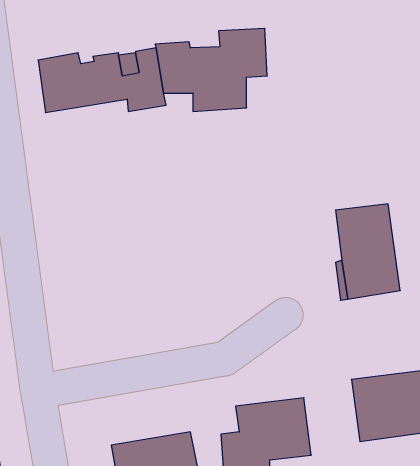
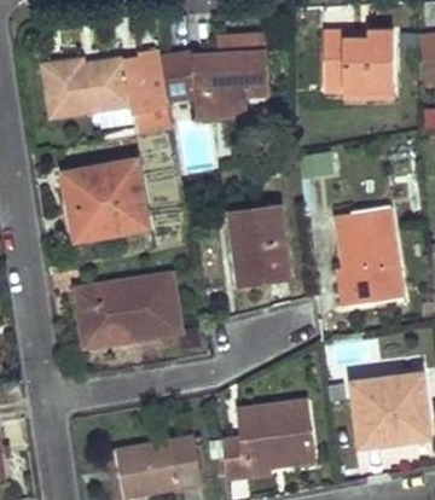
building: none -> [325,31,396,89]
building: none -> [63,159,146,239]
building: none -> [230,207,288,283]
building: none -> [71,273,180,347]

